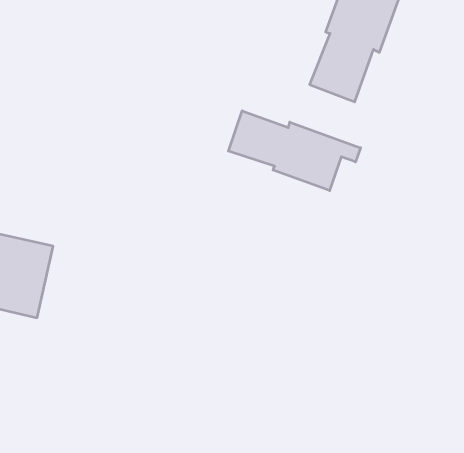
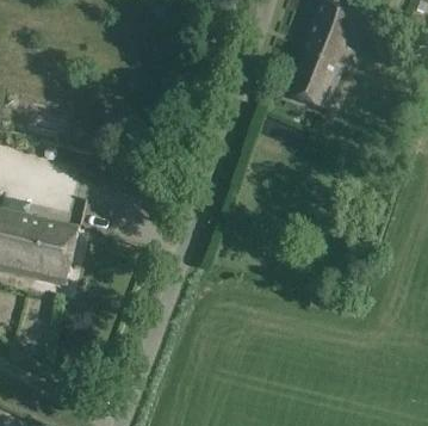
building: [228,111,361,191] -> none

